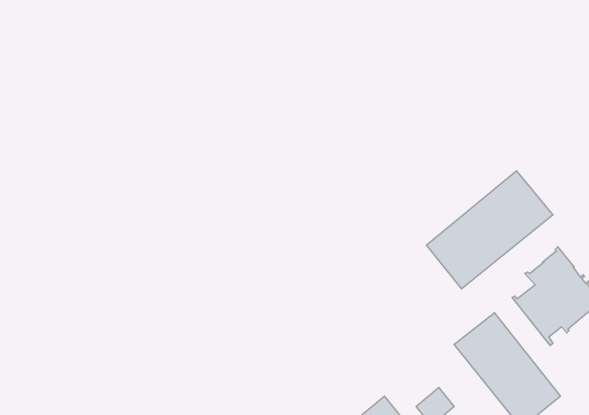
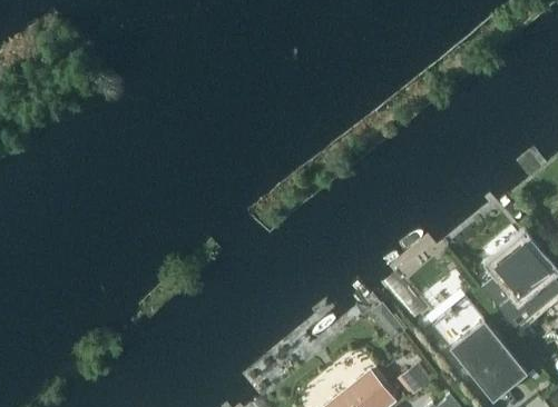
building: [426,171,553,289] -> none

